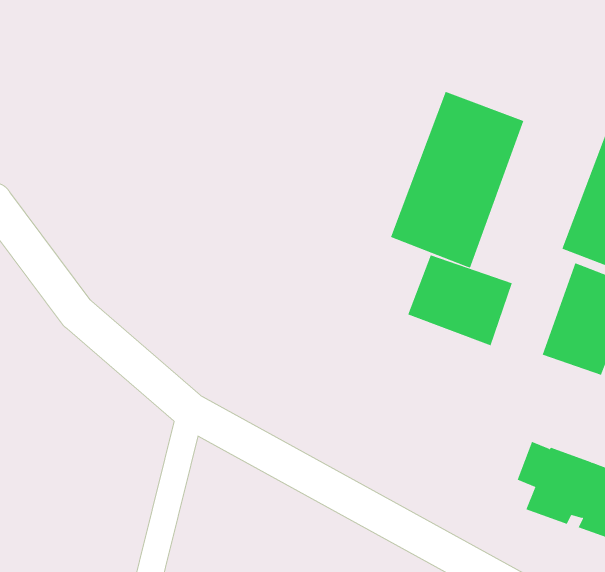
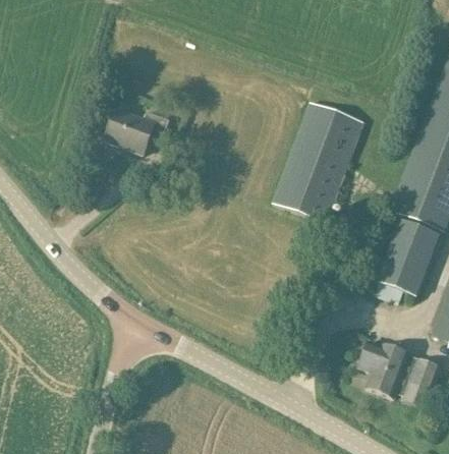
building: none -> [106,108,171,153]
building: [408,255,513,346] -> none

